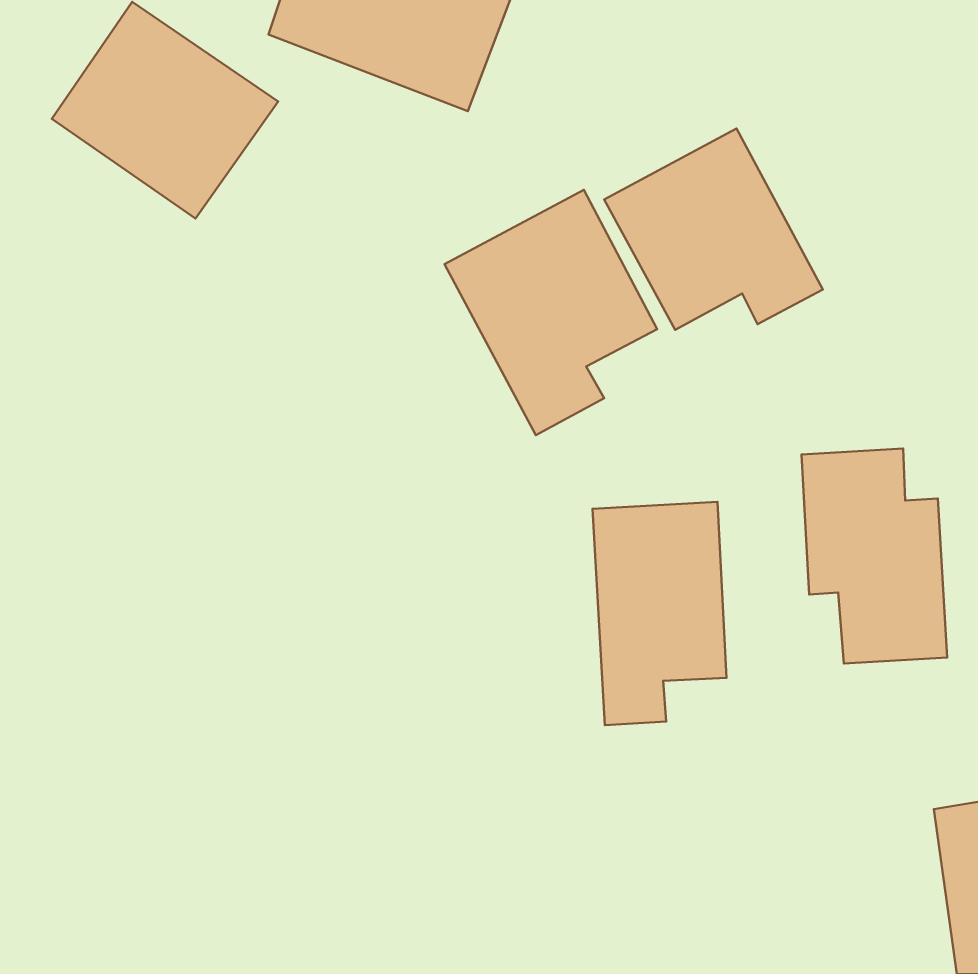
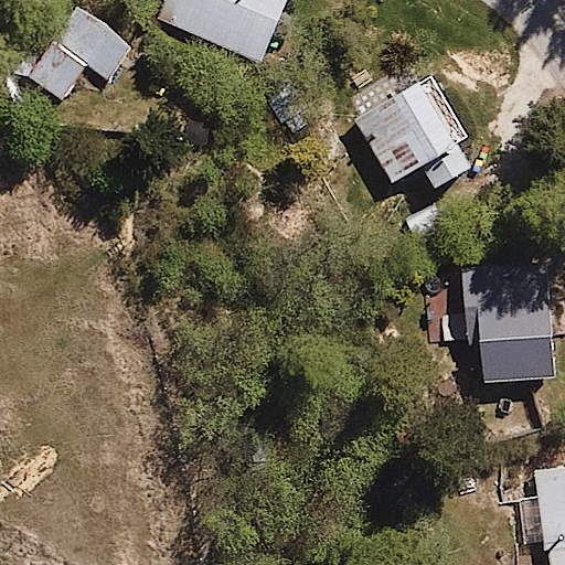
building: [444,190,657,435] -> none
building: [593,502,727,725] -> none

